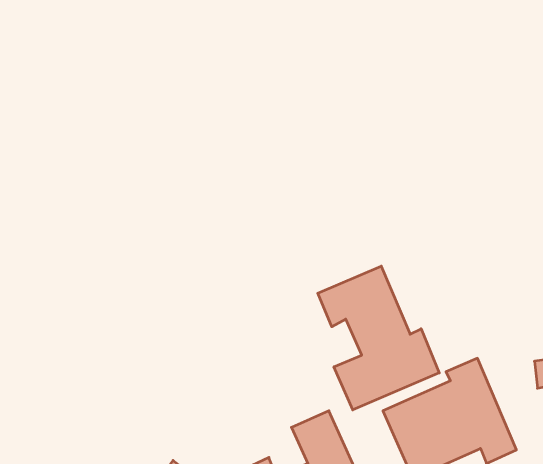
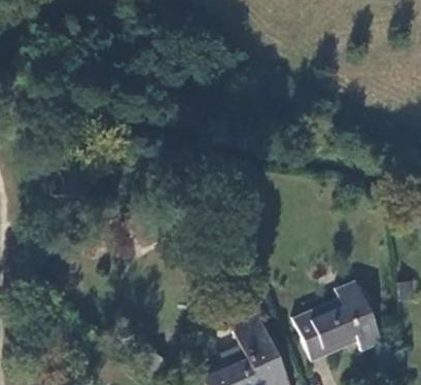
building: [318,266,439,410] -> none

